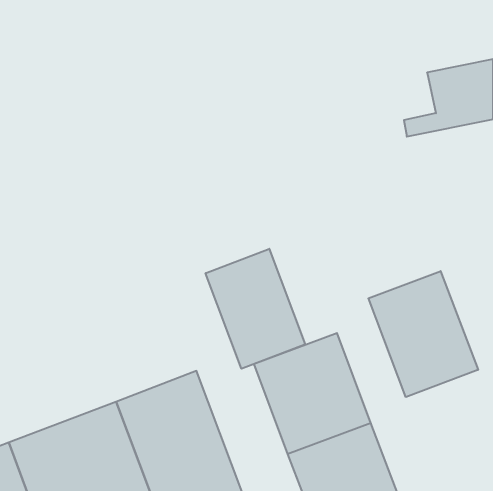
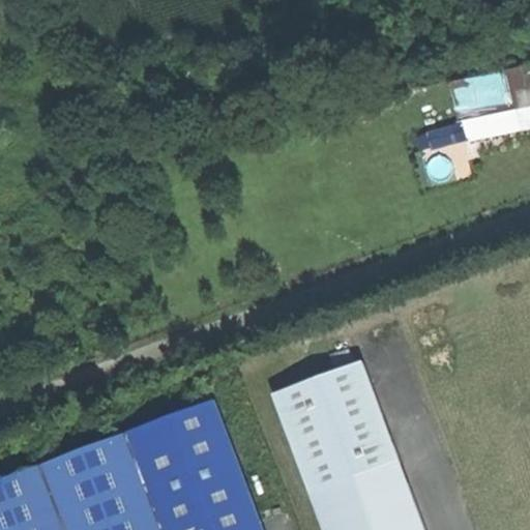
building: [206,249,305,369] -> none
building: [368,271,478,397] -> none

